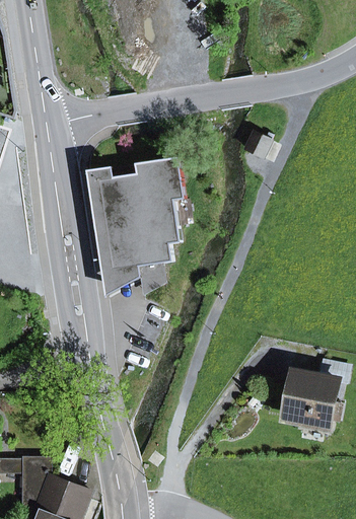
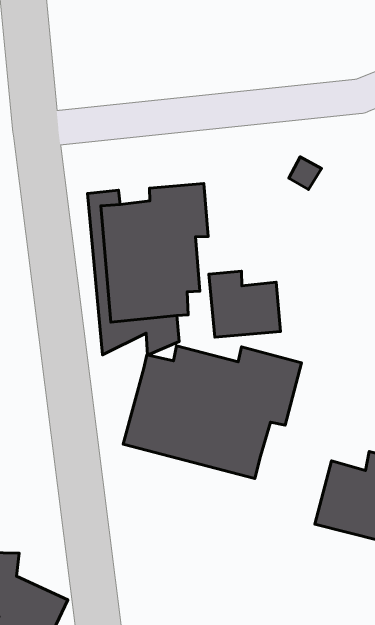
building: none -> [209,271,281,337]
building: none -> [123,346,301,479]

